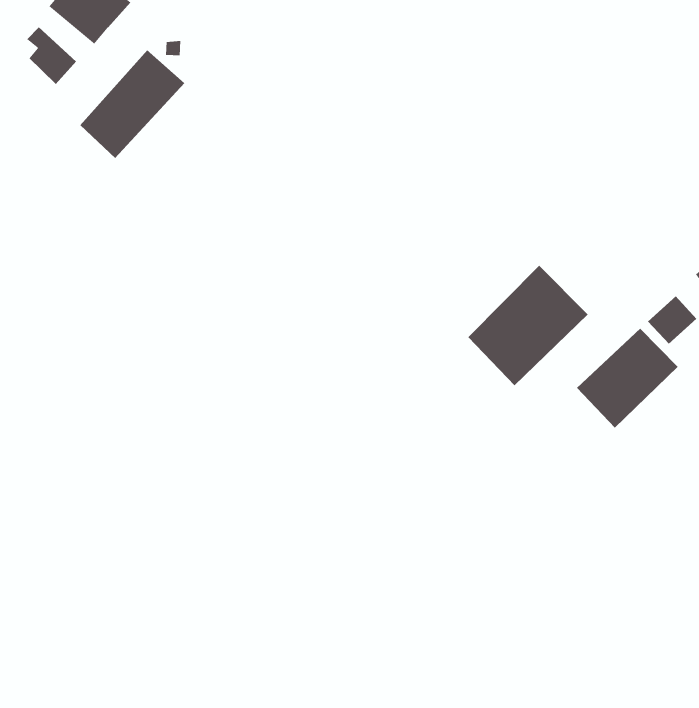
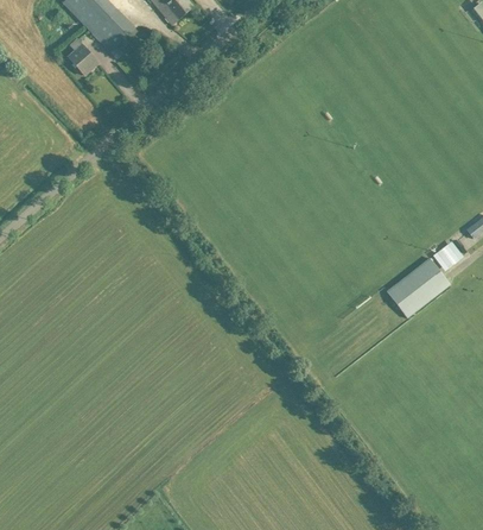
building: [79,50,185,159] -> none
building: [467,265,589,386] -> none

